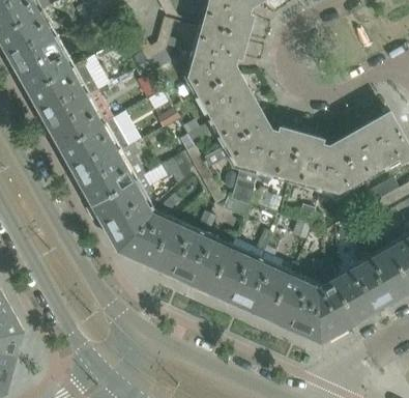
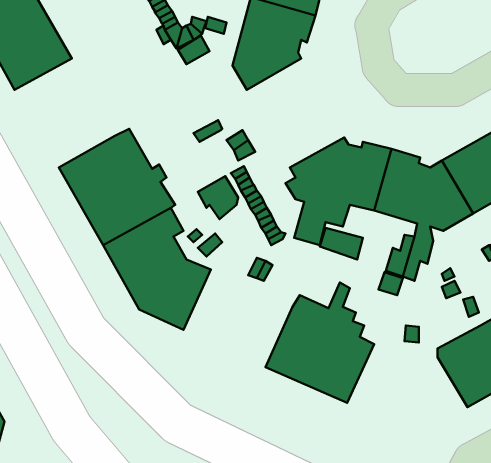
building: [29,62,108,147] -> none
building: [197,68,267,147] -> none
building: [151,221,230,291] -> none
building: [269,275,356,341] -> none

